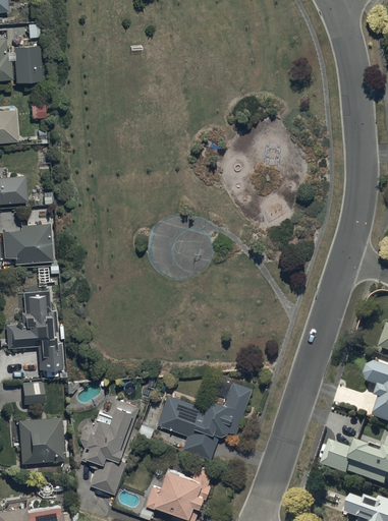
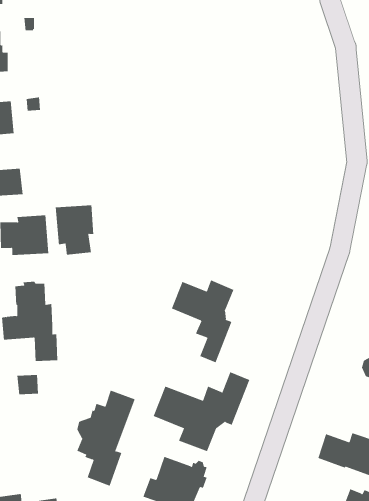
building: [12,45,43,82] -> none
building: none -> [55,205,94,255]
building: none -> [171,280,234,363]
building: [18,417,64,464] -> none

